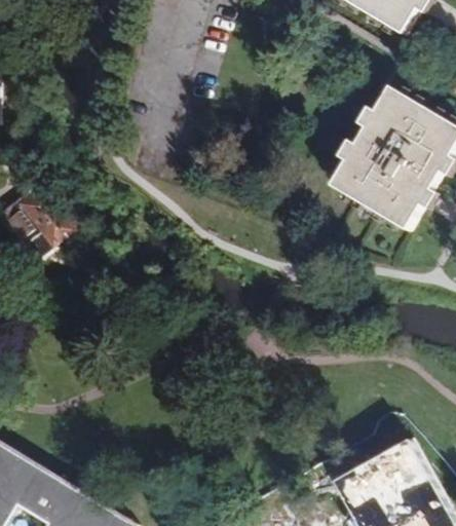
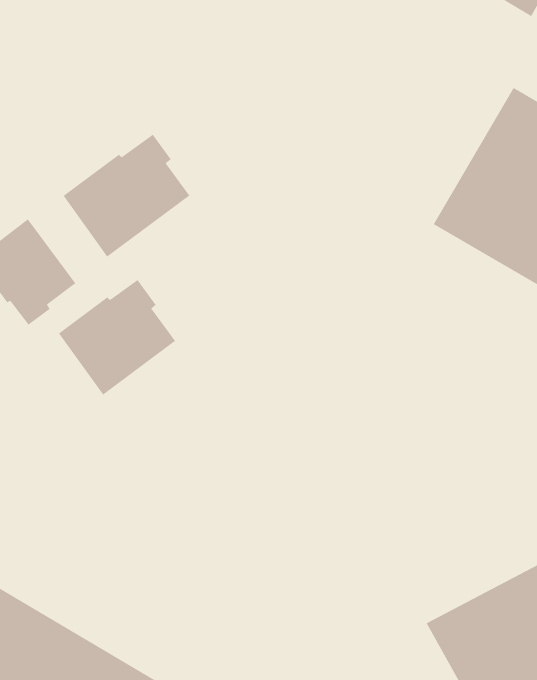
building: none -> [63,134,190,257]
building: none -> [58,279,176,395]

